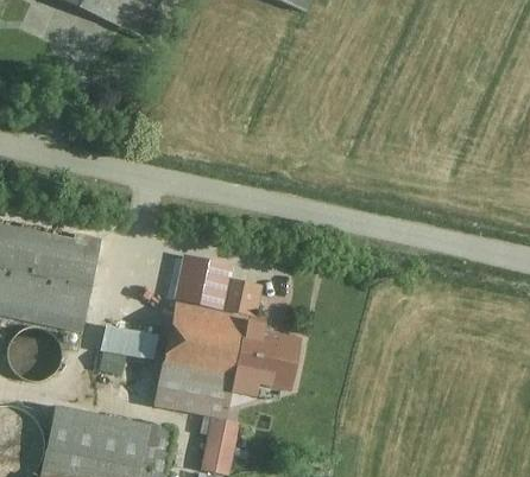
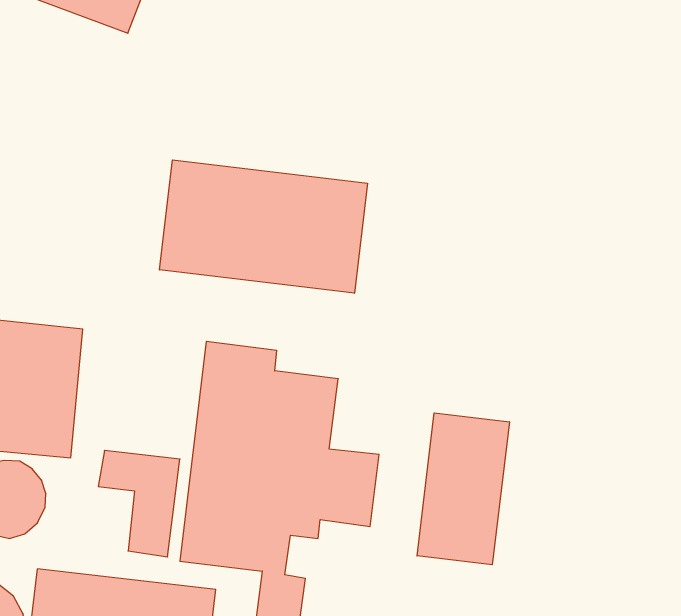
building: none -> [160,160,367,293]
building: none -> [417,413,509,565]

